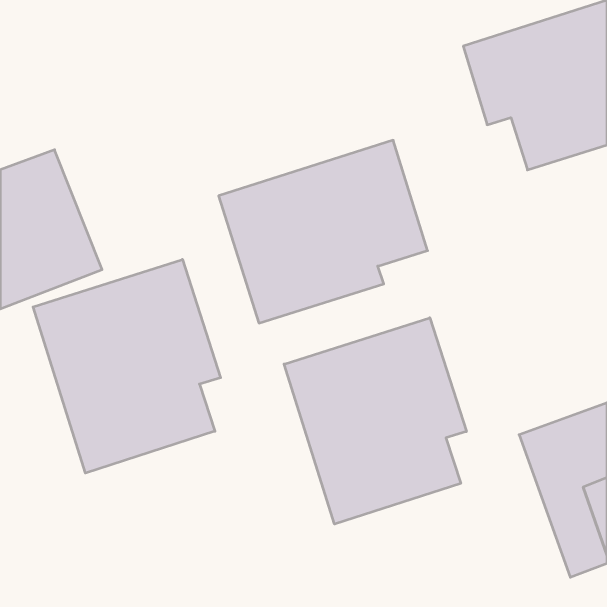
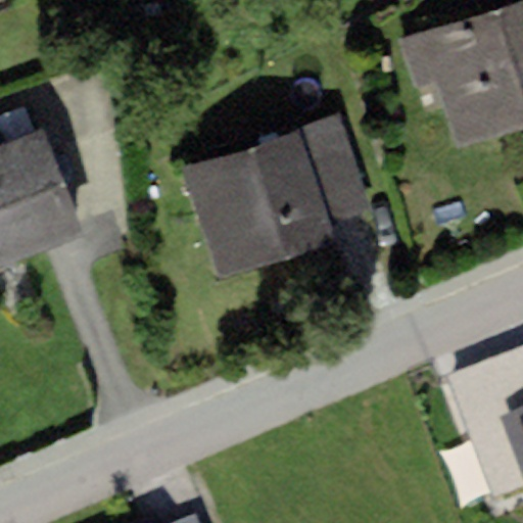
building: [33,259,221,473] -> none
building: [284,318,466,524] -> none

